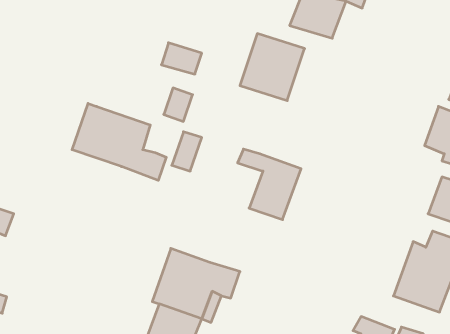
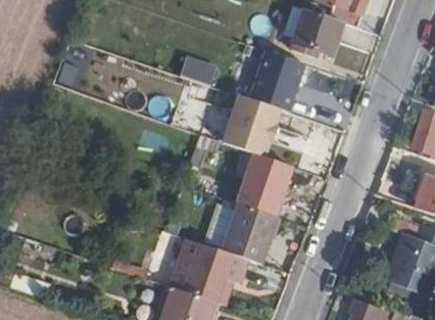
building: none -> [222,91,282,154]
building: [72,103,166,180] -> none
building: none -> [222,201,279,264]

